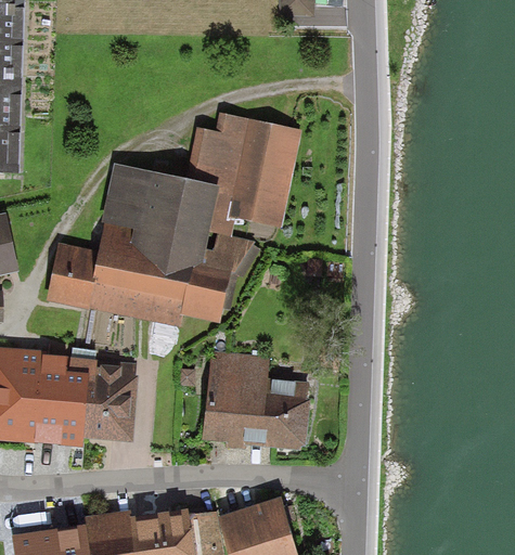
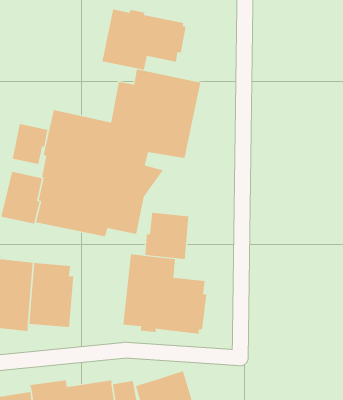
building: none -> [102,9,186,70]
building: none -> [12,123,48,165]
building: none -> [144,212,189,260]

